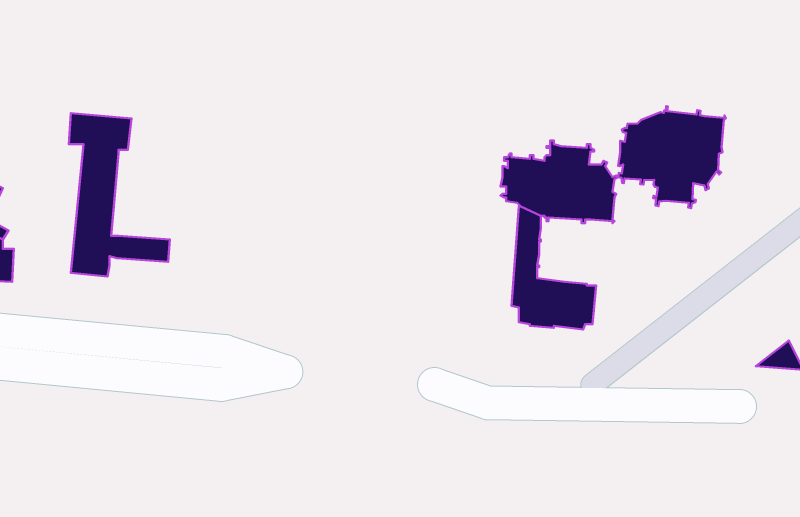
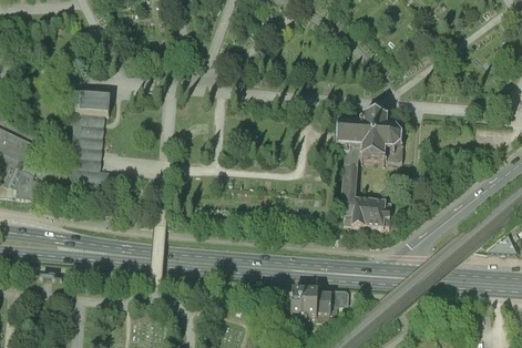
building: [618,106,726,208] -> none
building: none -> [291,287,332,314]

